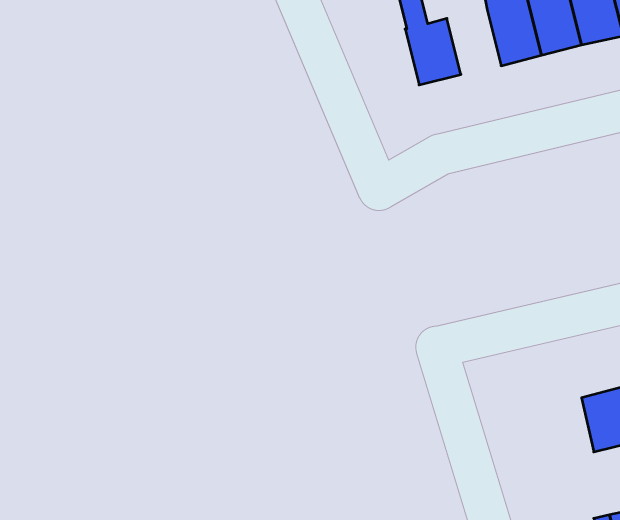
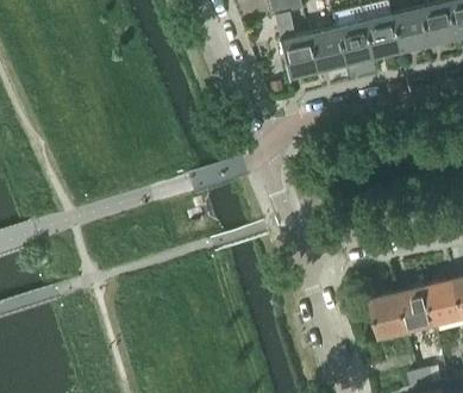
building: none -> [307,27,344,71]
building: none -> [370,292,407,336]

